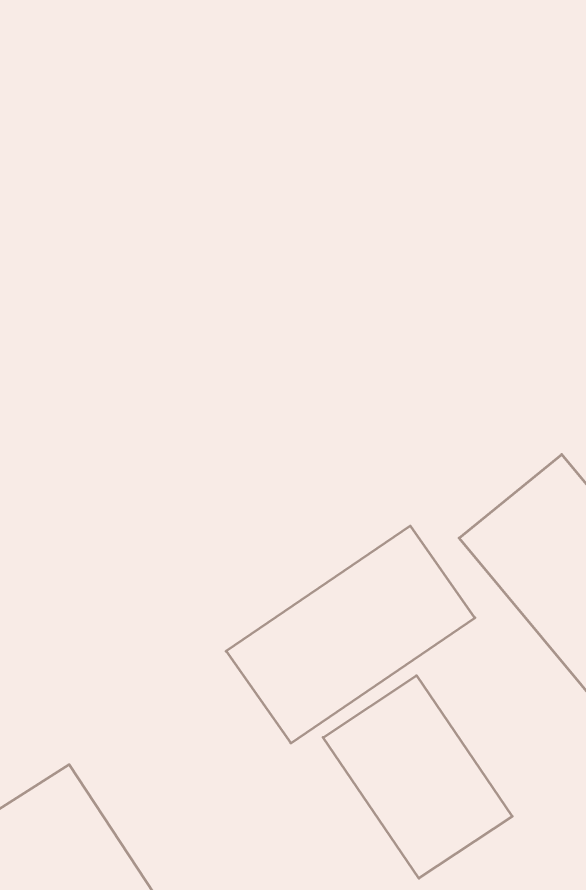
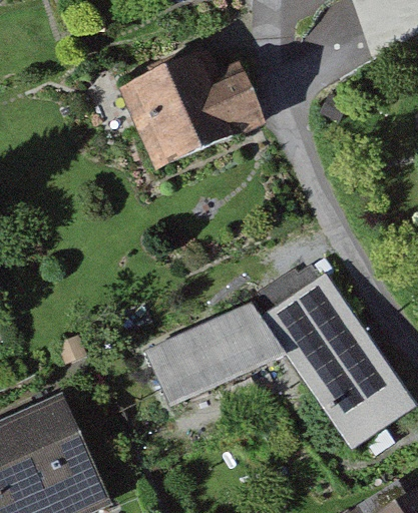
building: none -> [121,60,229,163]
building: [323,676,512,878] -> none

